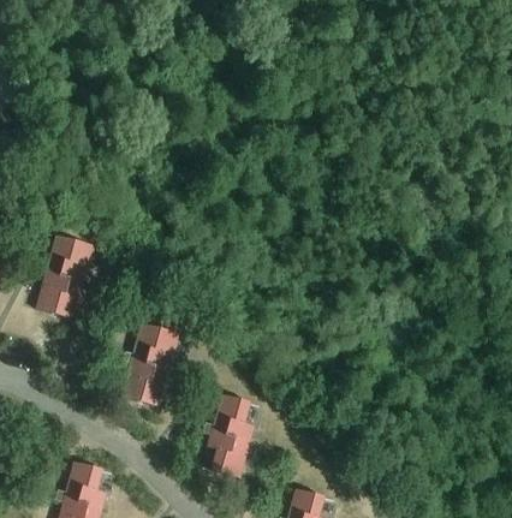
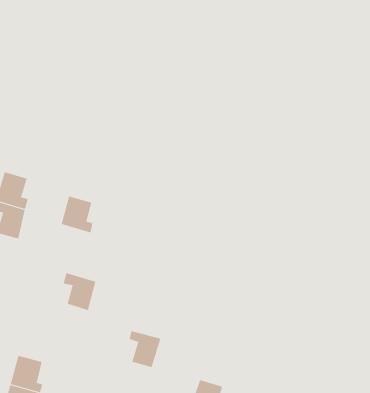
building: [132,322,172,368] -> [61,196,93,233]
building: [212,392,252,437] -> none

